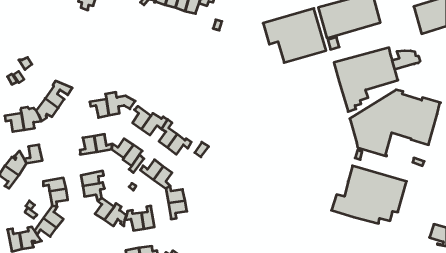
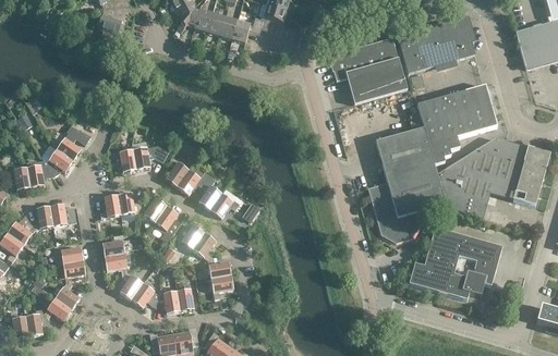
building: [392,51,420,69] -> none
building: none -> [367,126,445,241]
building: none -> [49,202,76,224]

